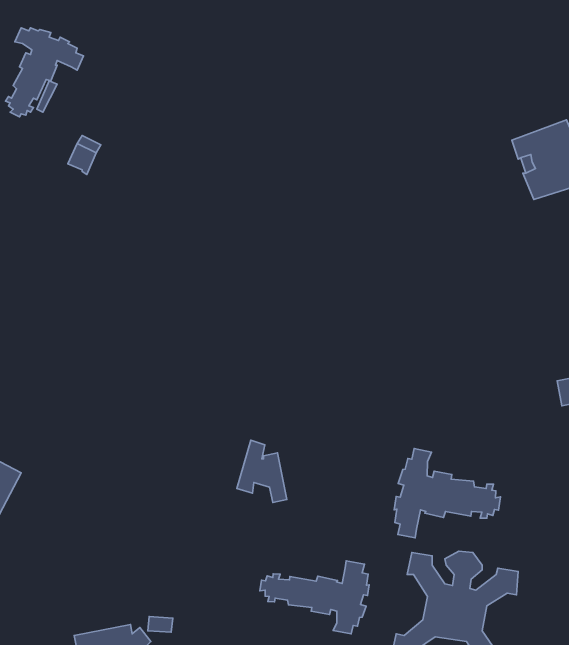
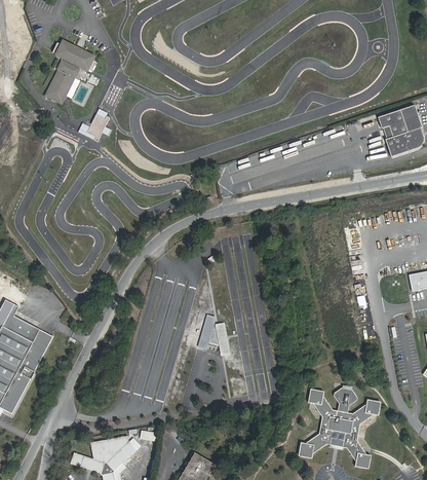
building: [394,449,501,538] -> none
building: [260,561,369,634] -> none

